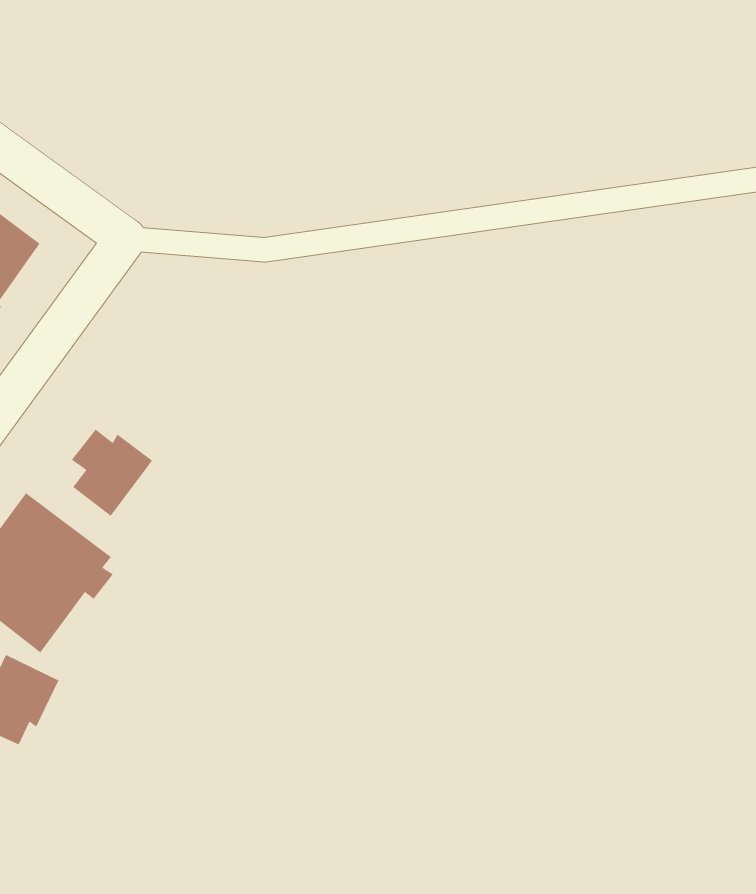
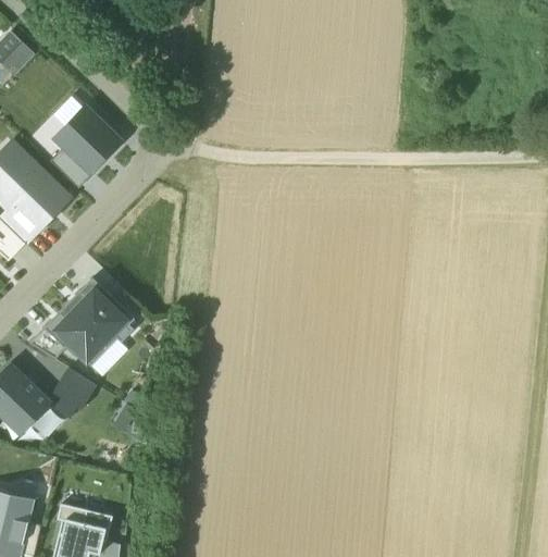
building: [71,429,153,517] -> none

